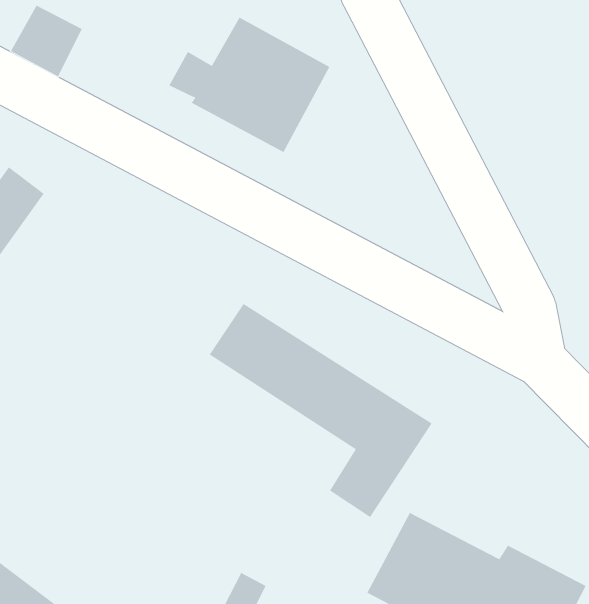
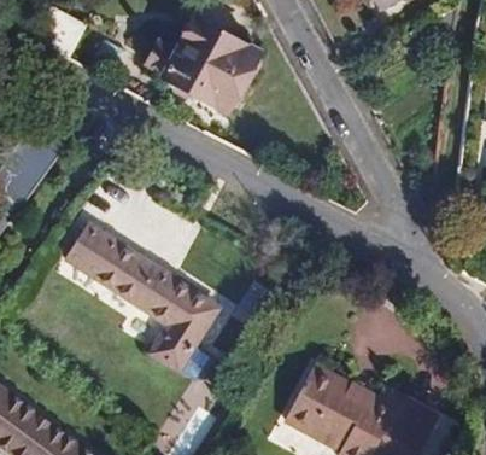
building: [209,303,432,518] -> [65,223,222,374]

